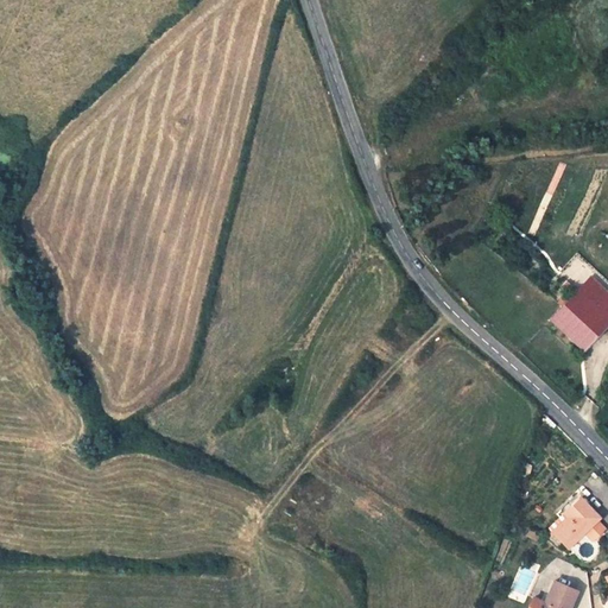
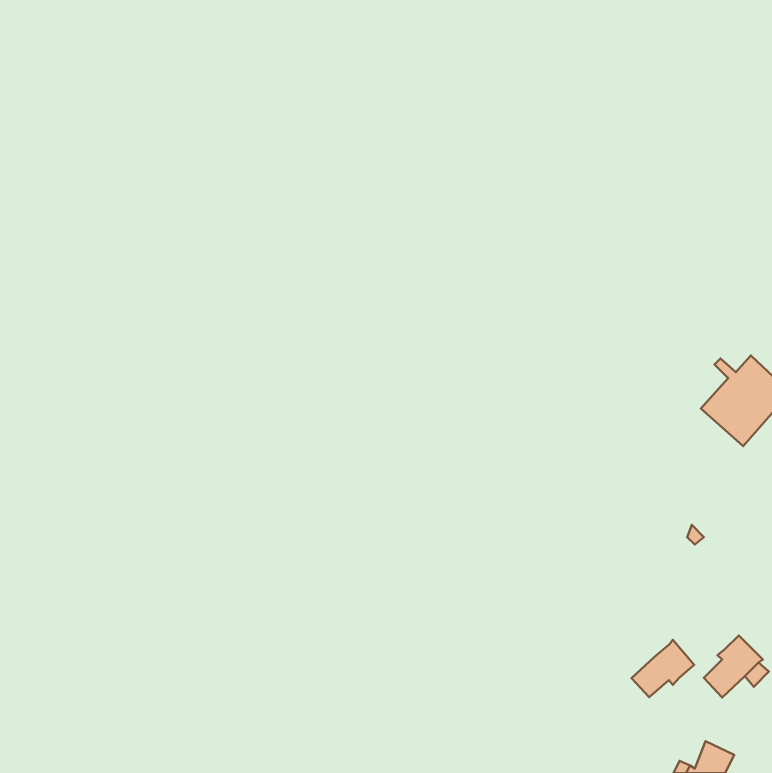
building: none -> [631,640,694,697]

